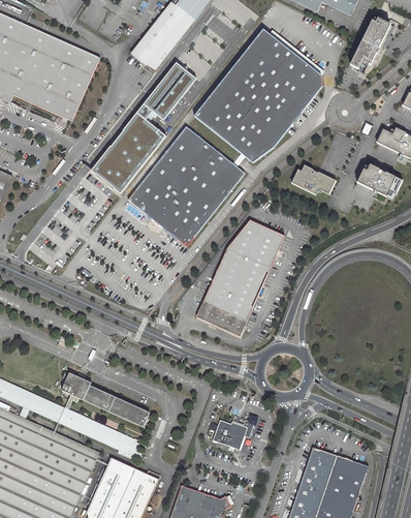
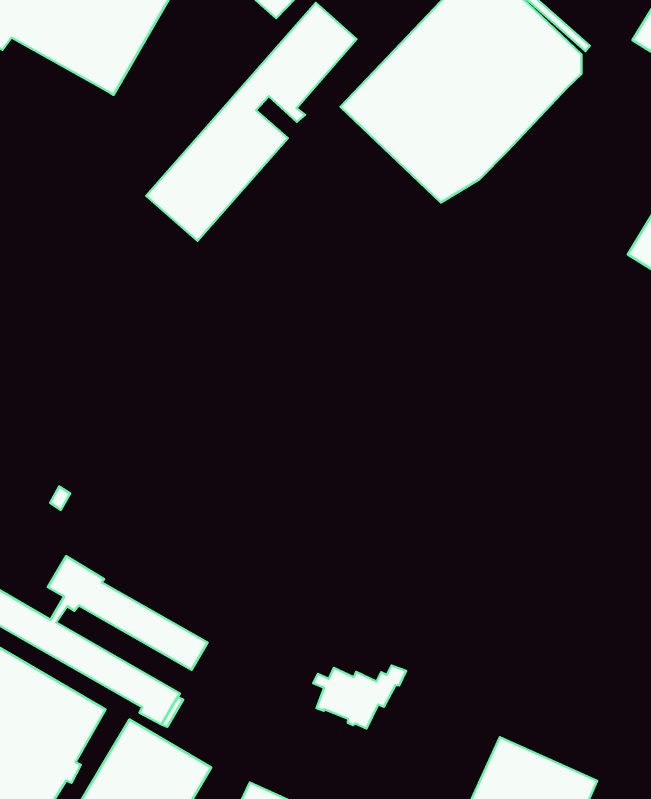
building: [128,126,245,246] -> none
building: [290,165,335,195] -> none
building: [196,219,285,335] -> none

